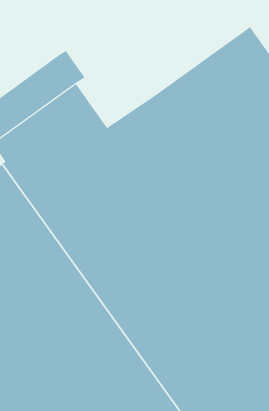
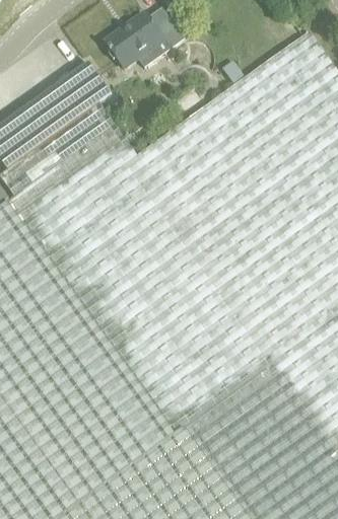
building: none -> [105,8,185,70]

